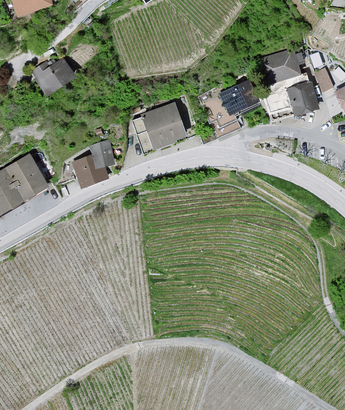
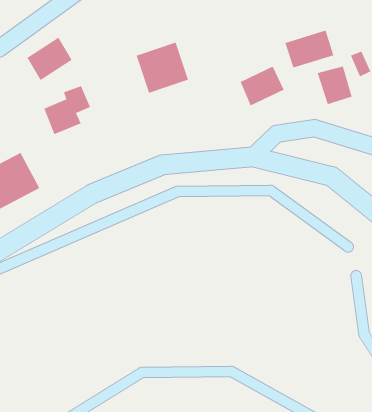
building: [140,104,186,149] -> [136,42,189,94]
building: [73,143,114,186] -> [44,85,91,135]

